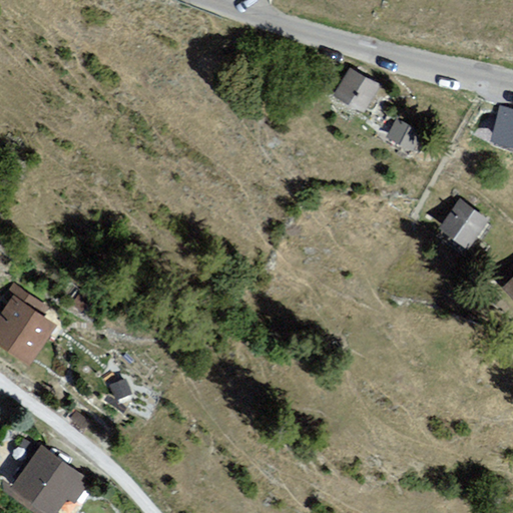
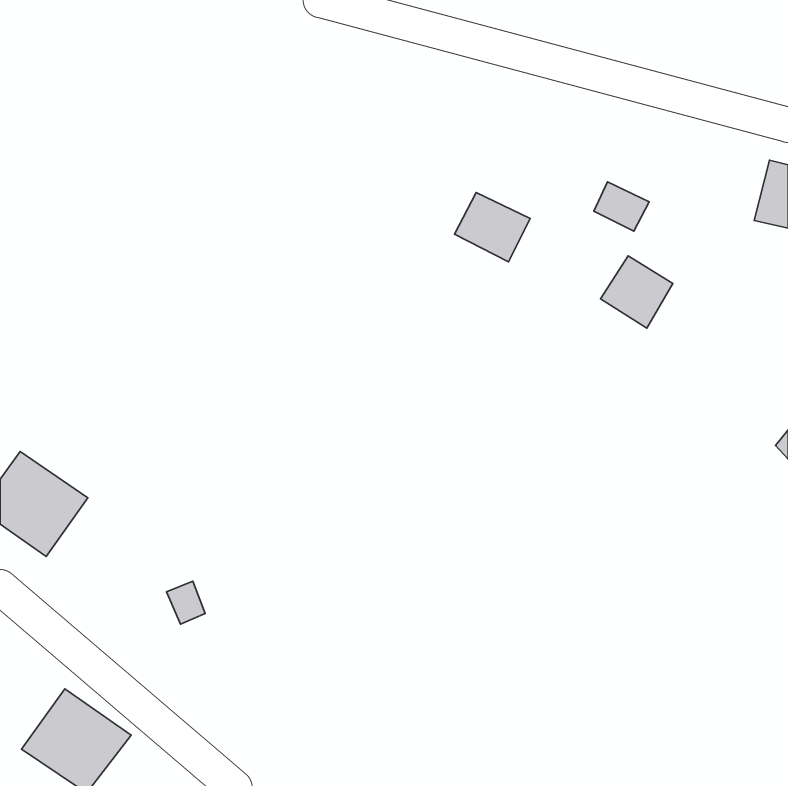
building: [333,67,382,112] -> [455,192,530,262]
building: [439,202,486,249] -> [600,256,673,328]

